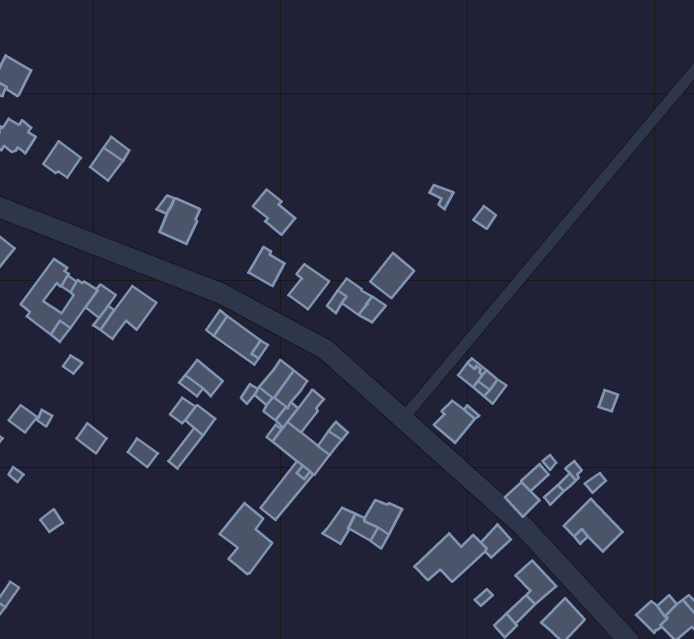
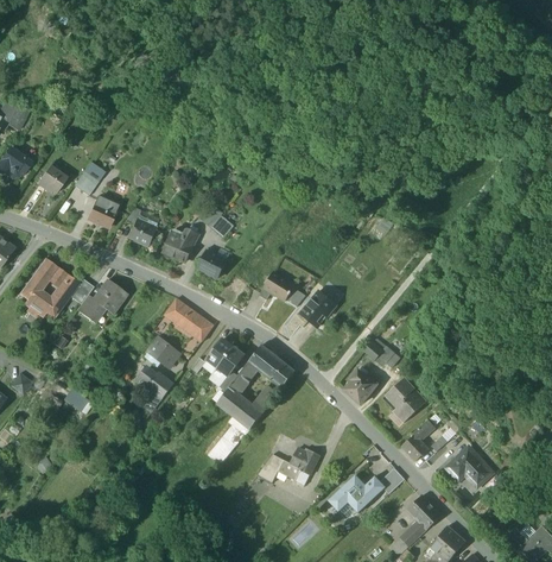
building: none -> [88,197,118,227]
building: none -> [163,229,199,263]
building: [370,253,414,298] -> [302,291,336,327]
building: [288,264,329,309] -> none
building: none -> [249,345,296,387]
building: none -> [386,377,427,422]
building: [220,503,272,574] -> none

